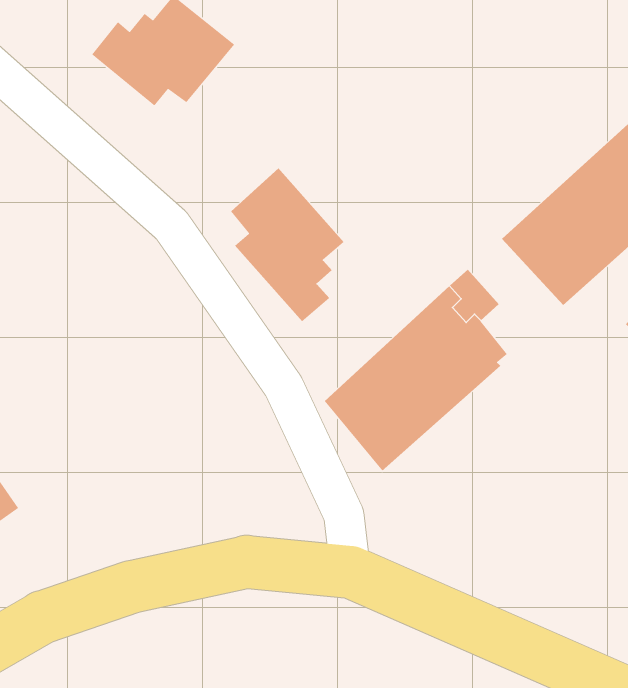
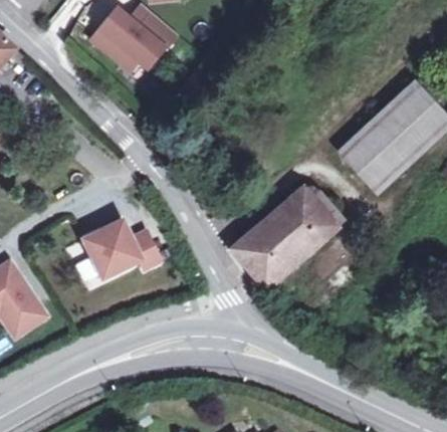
building: [230,167,345,322] -> none
building: none -> [73,214,159,290]

